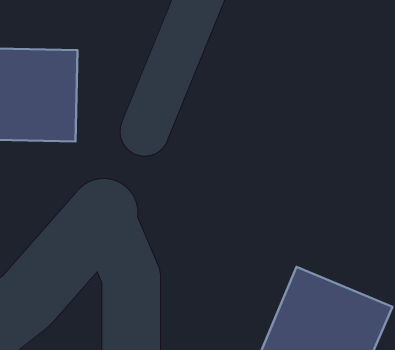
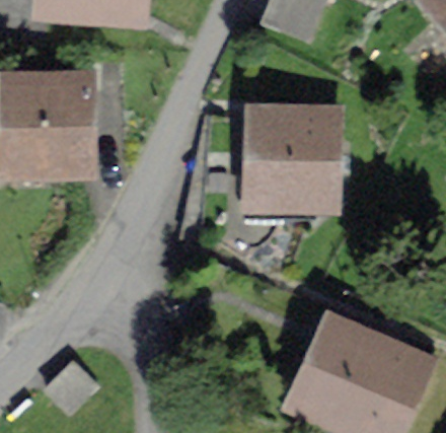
building: none -> [241,117,338,208]

